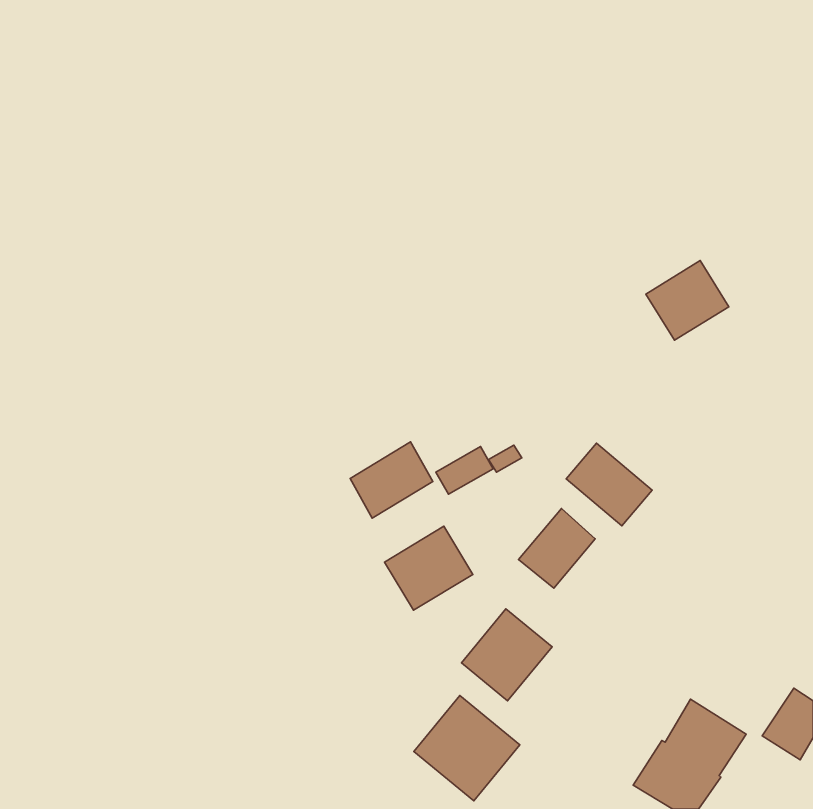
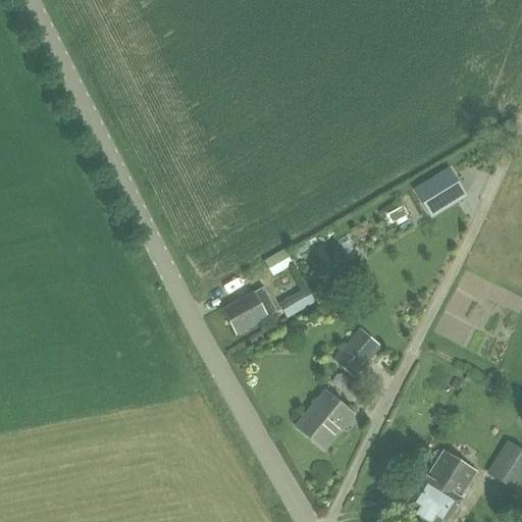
building: [566,443,652,526] -> none
building: [384,526,473,610] -> none
building: [414,696,520,801] -> none

